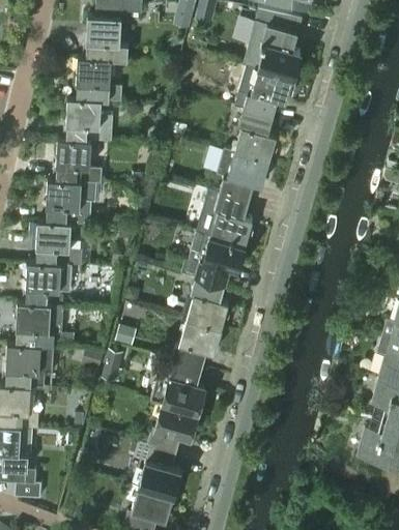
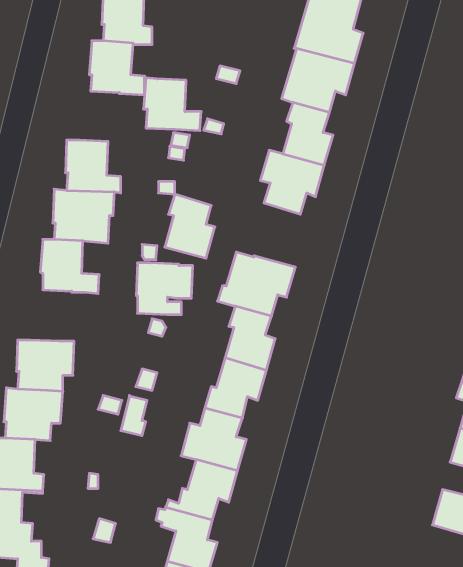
building: [64,99,112,143] -> [143,78,201,131]
building: [210,193,252,245] -> [165,194,215,258]
building: [25,264,72,306] -> [136,263,193,315]

